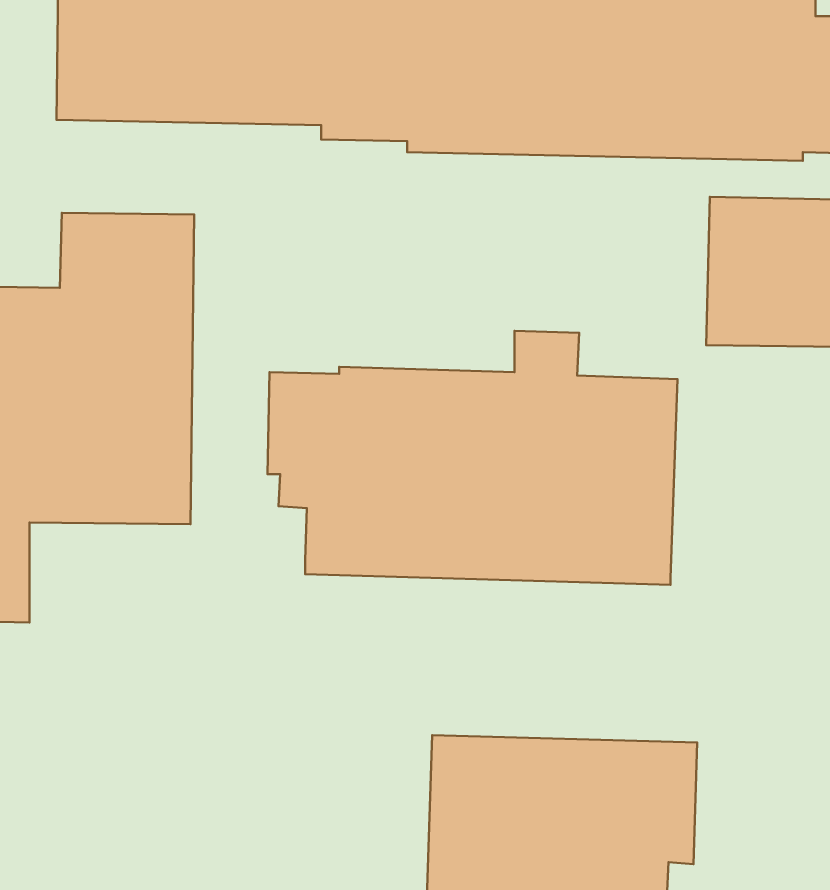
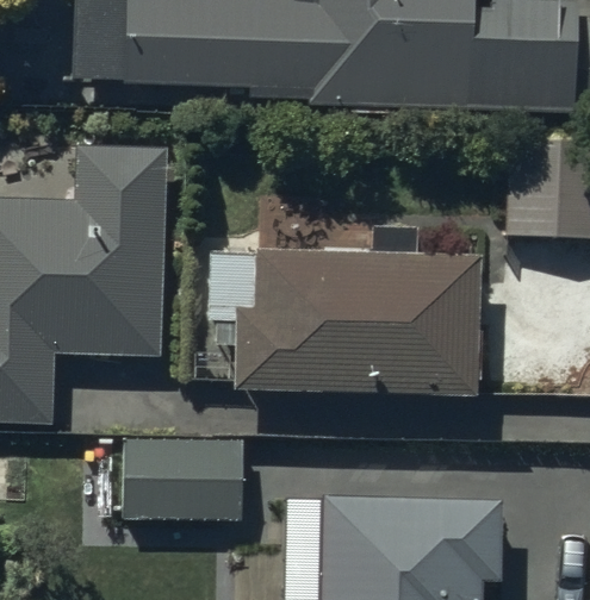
building: none -> [122,438,242,519]

